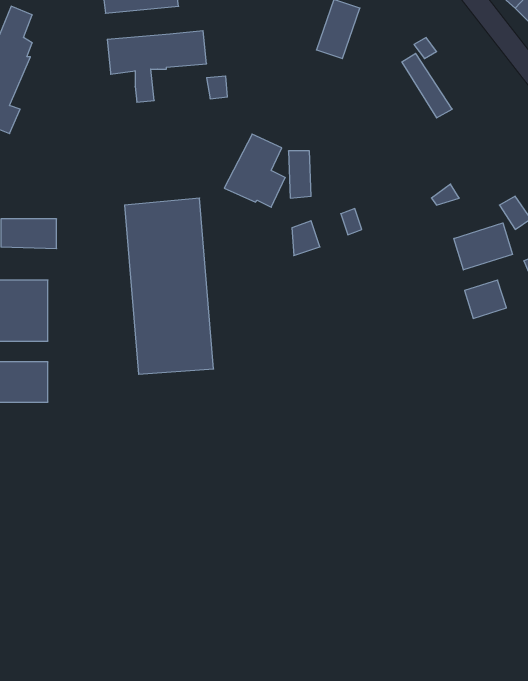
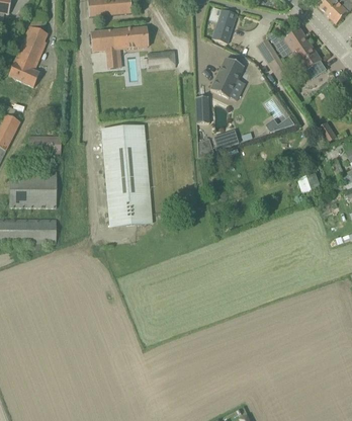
building: none -> [285,27,328,78]
building: [224,134,285,207] -> [210,58,246,100]
building: [454,223,513,270] -> none

